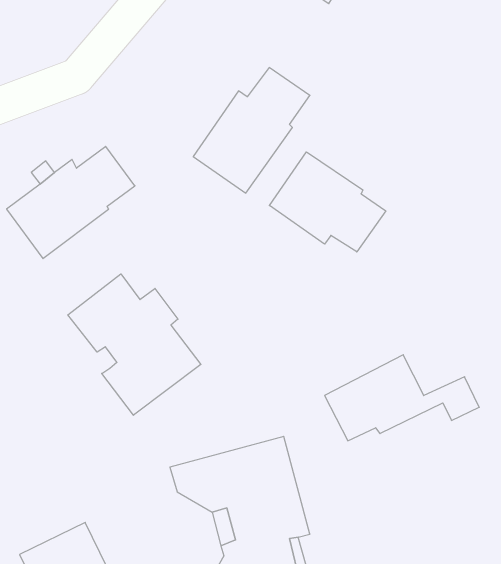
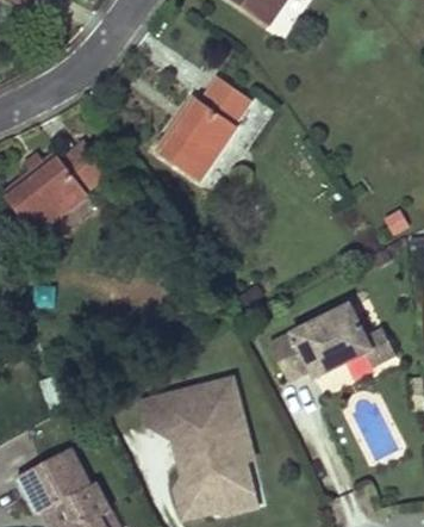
building: [269,152,386,252] -> none
building: [68,274,201,415] -> none

